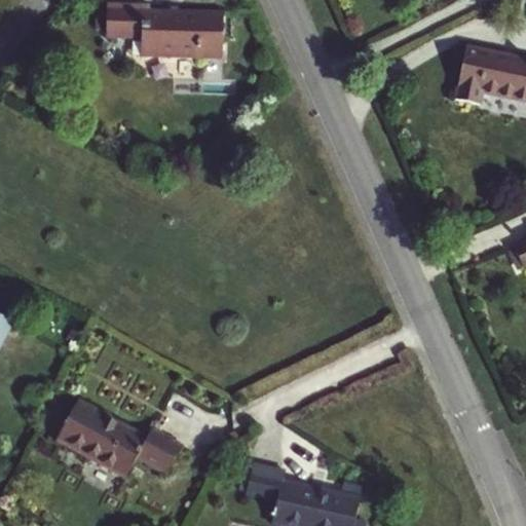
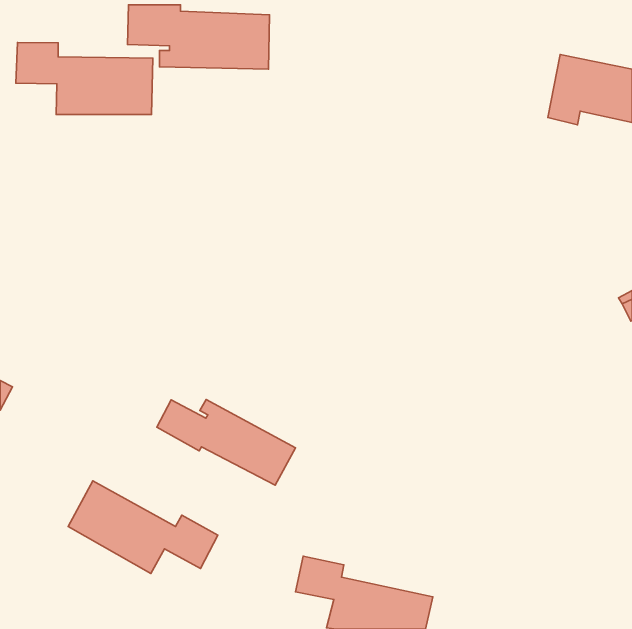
building: none -> [16,42,153,115]
building: none -> [157,399,295,485]

